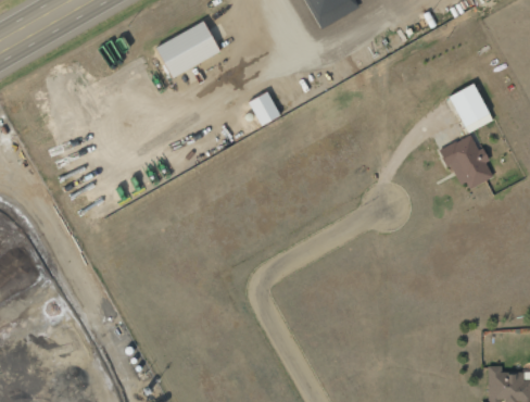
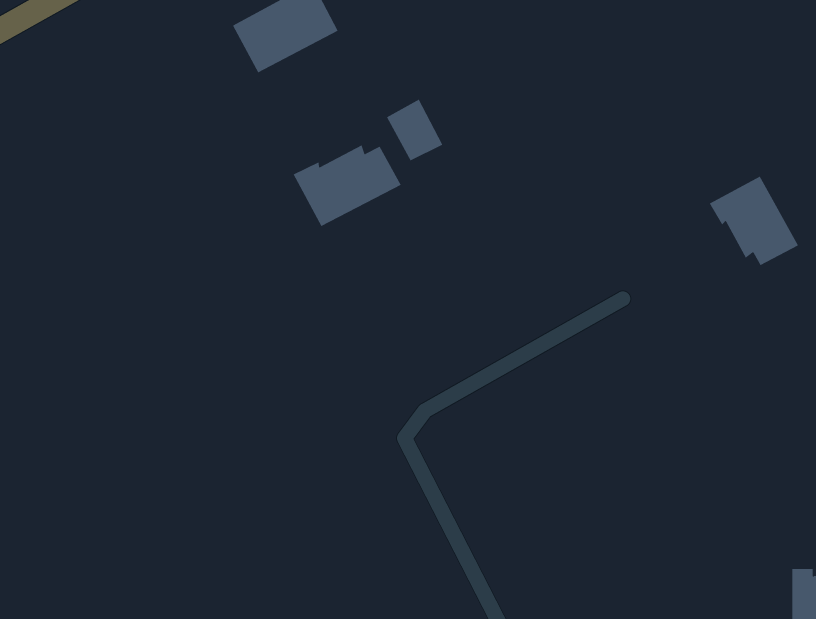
building: [449,81,492,130] -> none
building: none -> [293,145,401,227]

